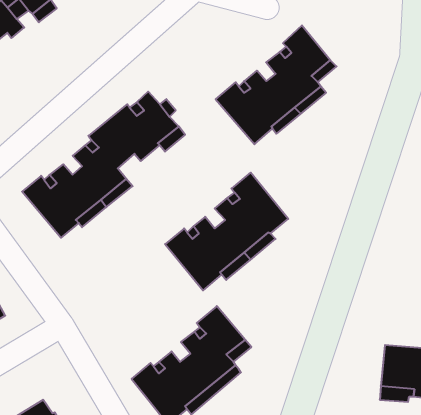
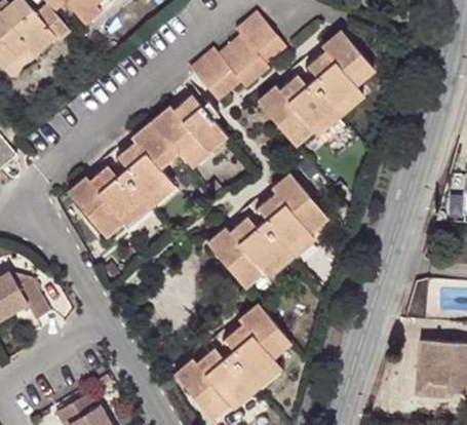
building: none -> [189,10,287,101]

